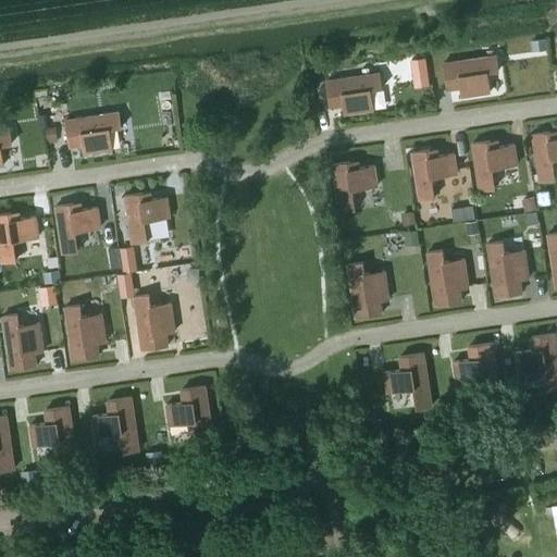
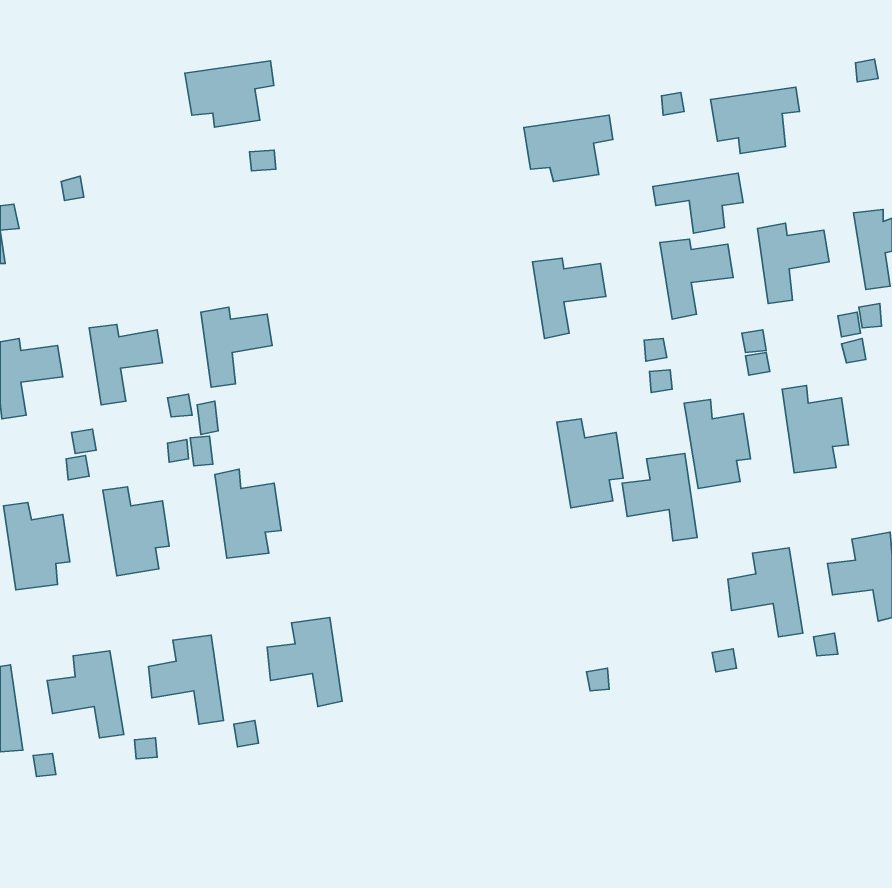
building: none -> [653,173,743,233]
building: [65,113,121,154] -> [185,61,274,127]
building: [384,355,431,409] -> [622,454,697,541]

